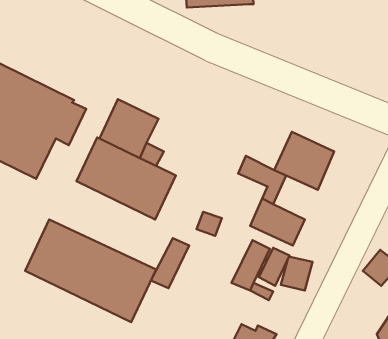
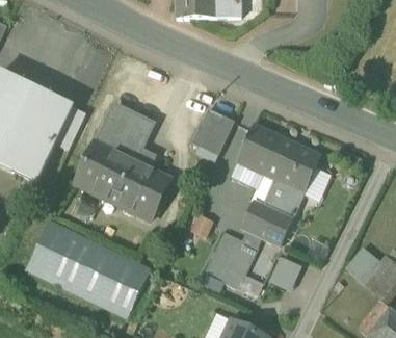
building: none -> [191,108,234,155]
building: none -> [236,124,280,173]
building: none -> [262,178,305,219]
building: [151,238,189,288] -> [206,232,242,280]

